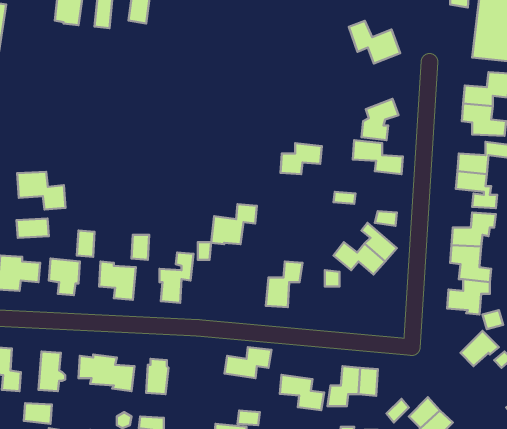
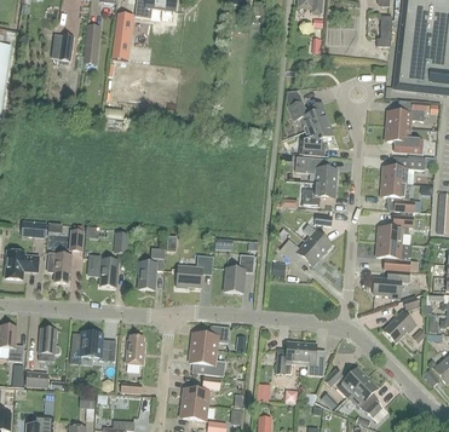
building: [349,21,400,64] -> [286,94,328,129]
building: [280,143,322,174] -> [301,180,335,206]
building: [17,172,65,209] -> none
building: [211,204,257,244] -> [175,254,213,287]
building: [280,375,324,410] -> [189,346,225,375]

